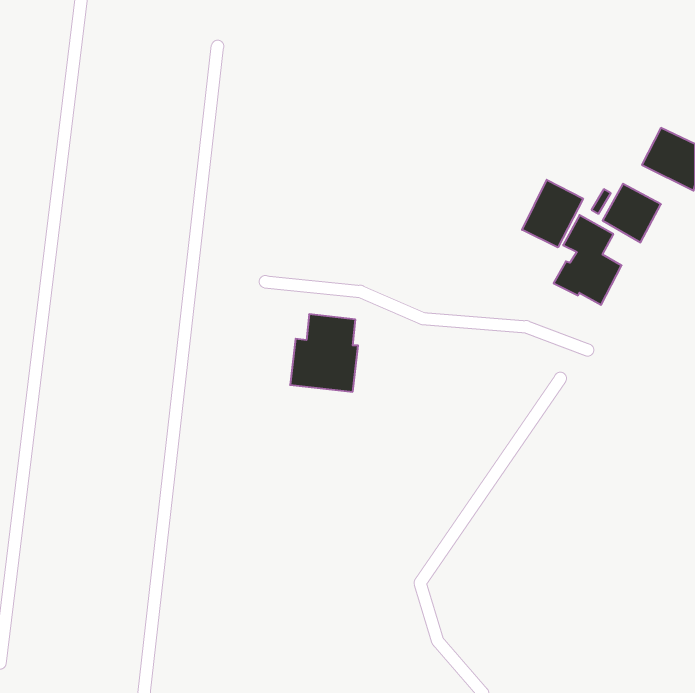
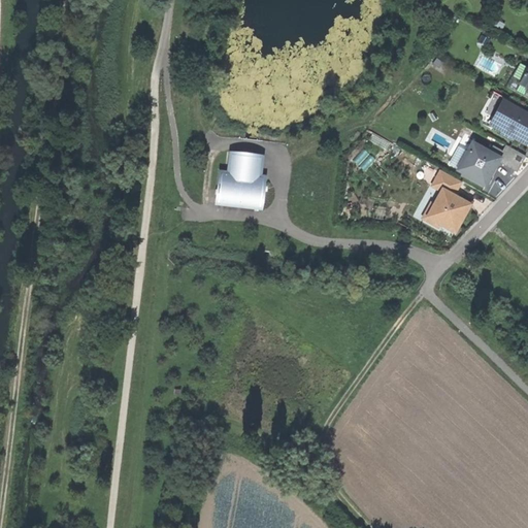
building: [522,180,583,247] -> none
building: [290,314,358,392] -> [214,152,266,210]

